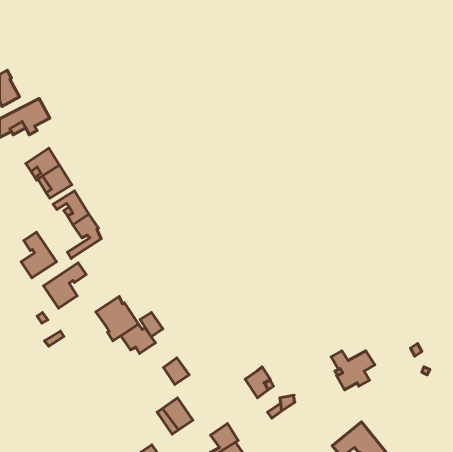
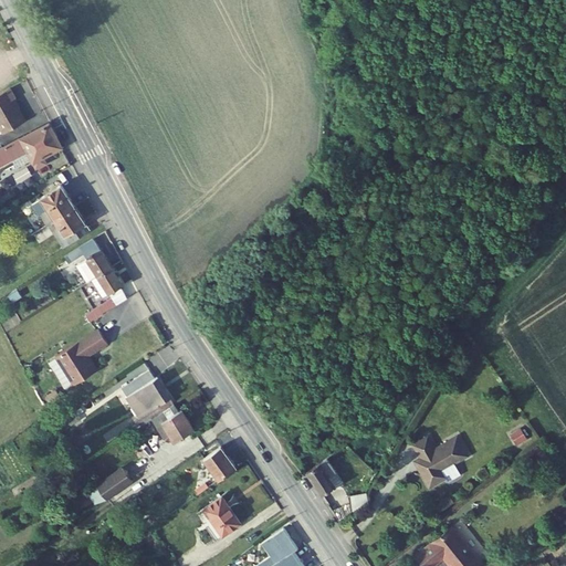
building: [21,232,56,278] -> none
building: [140,312,163,337] -> none
building: none -> [96,469,130,500]

